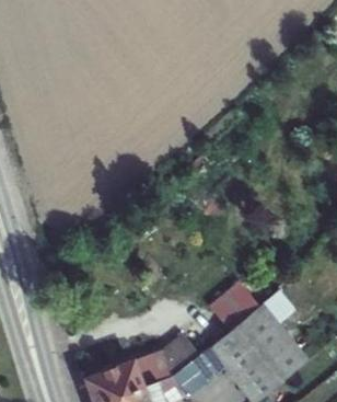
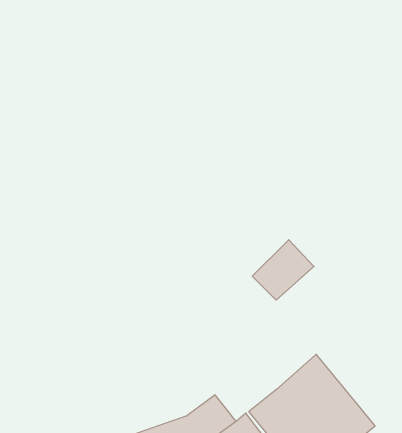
building: [214,283,263,330] -> [252,240,314,300]

